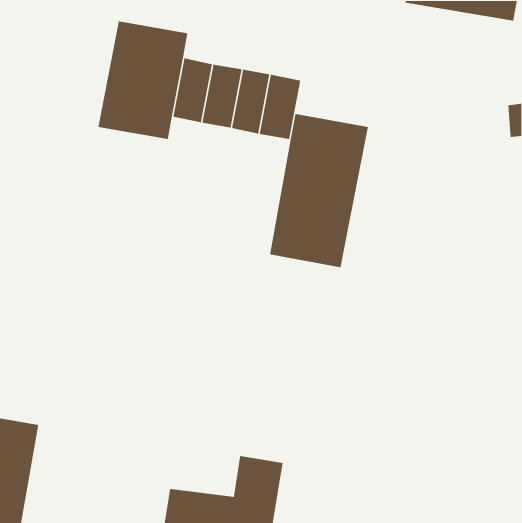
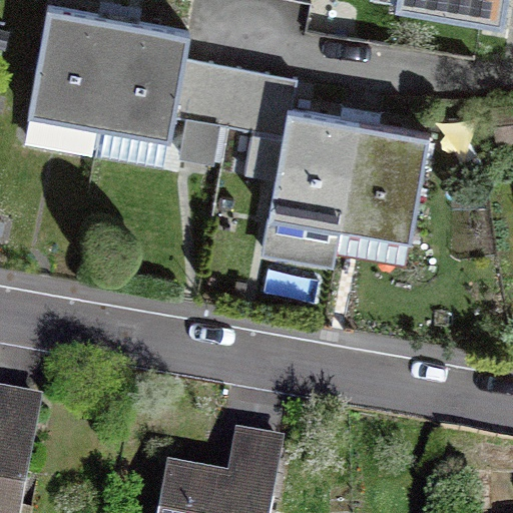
building: none -> [27,9,115,126]
building: none -> [340,125,432,240]

